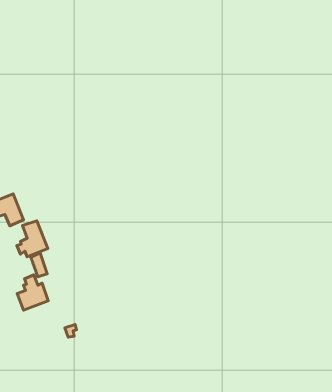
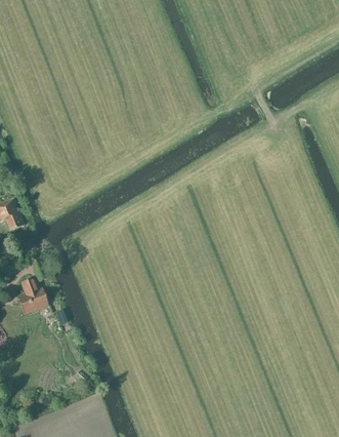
building: [17,221,48,257] -> none

